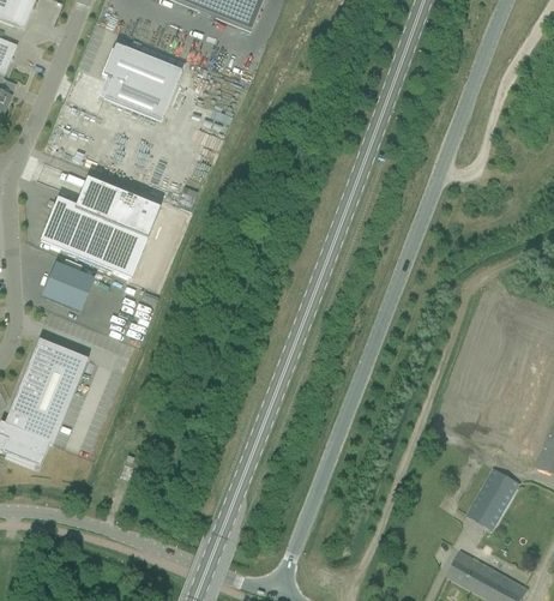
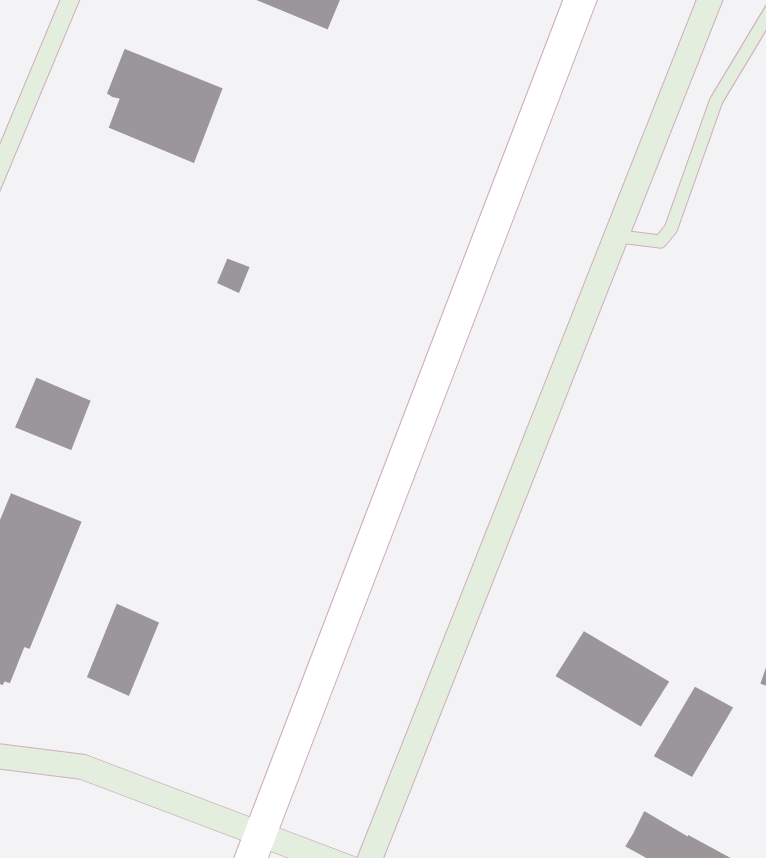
building: [42,178,161,276] -> none
building: none -> [86,603,160,697]
building: none -> [554,630,670,727]

